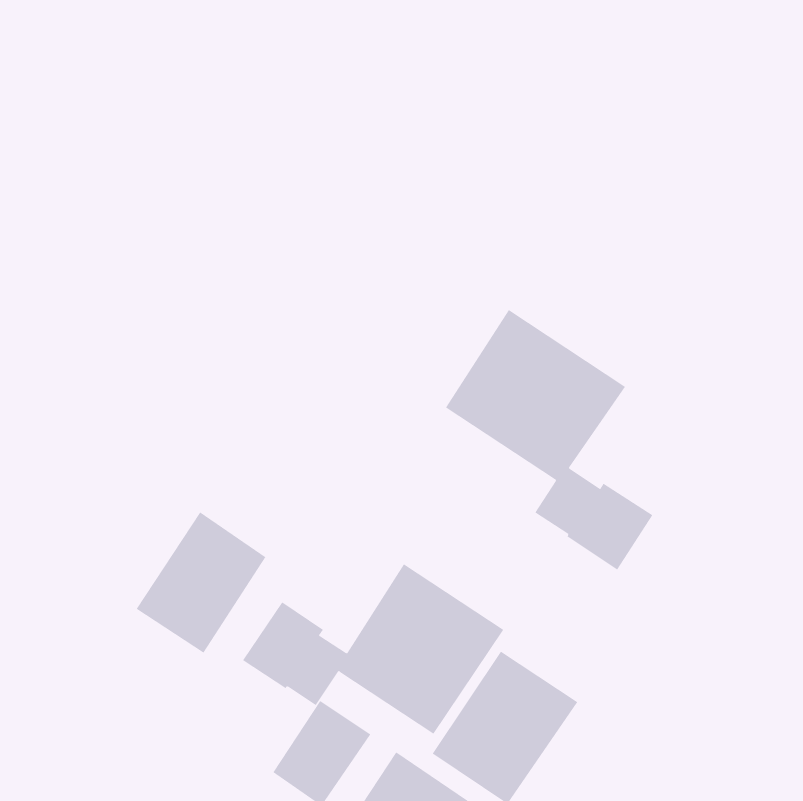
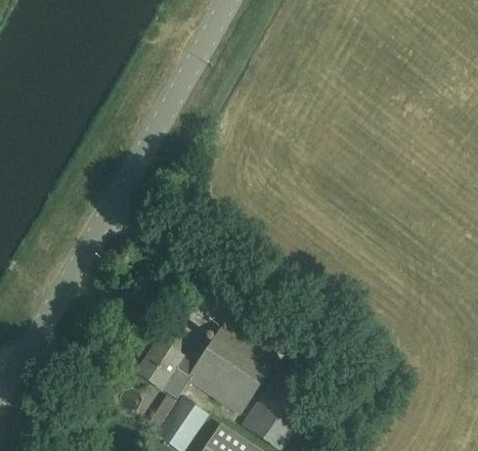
building: [445,309,653,571] -> none
building: [136,511,266,653] -> none

